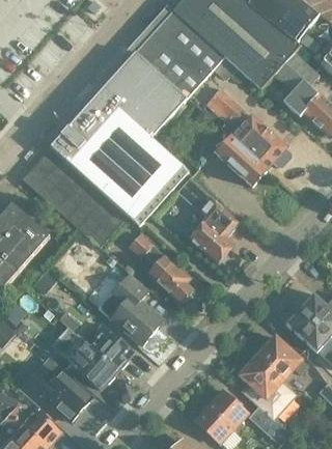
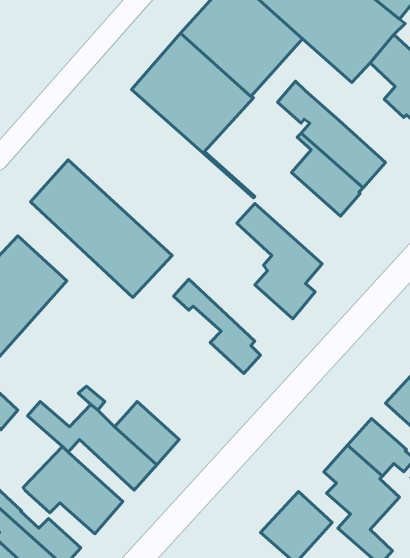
building: [52,93,189,226] -> none
building: [109,275,163,345] -> none

